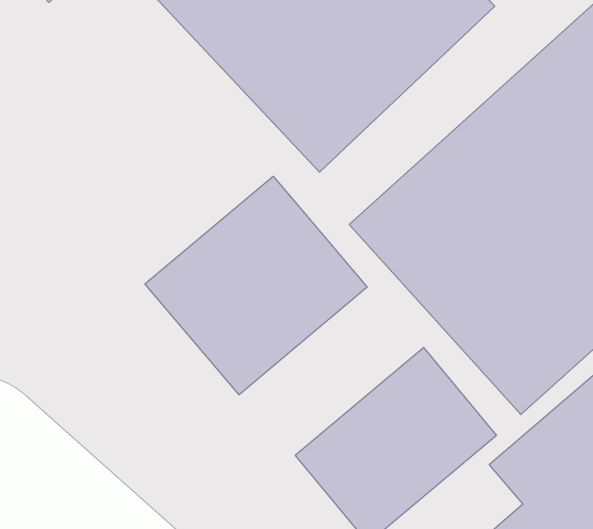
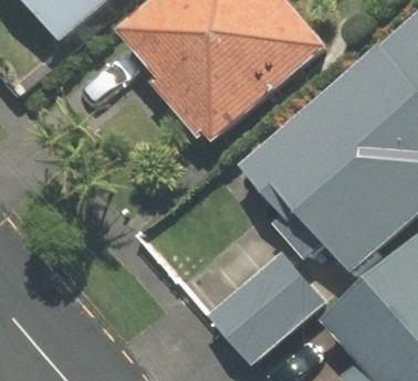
building: [145,176,367,395] -> none

